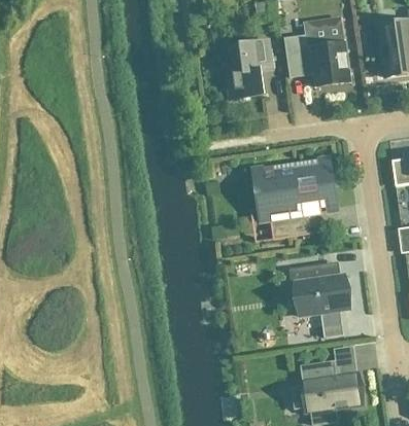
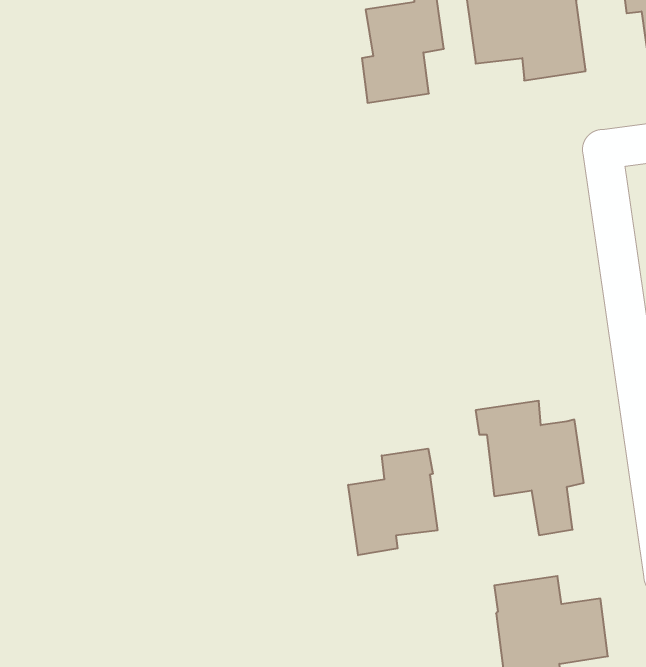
building: [244,157,335,242] -> none
building: none -> [348,449,437,555]

